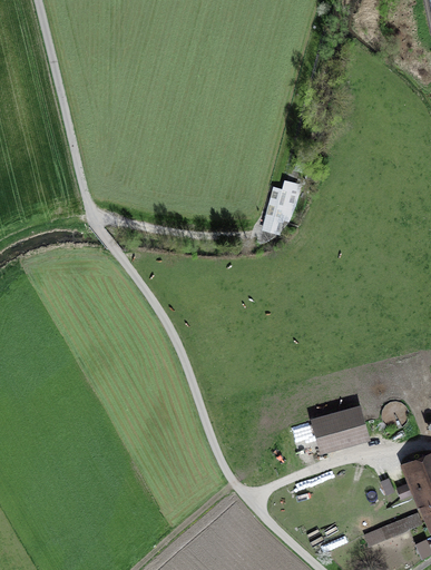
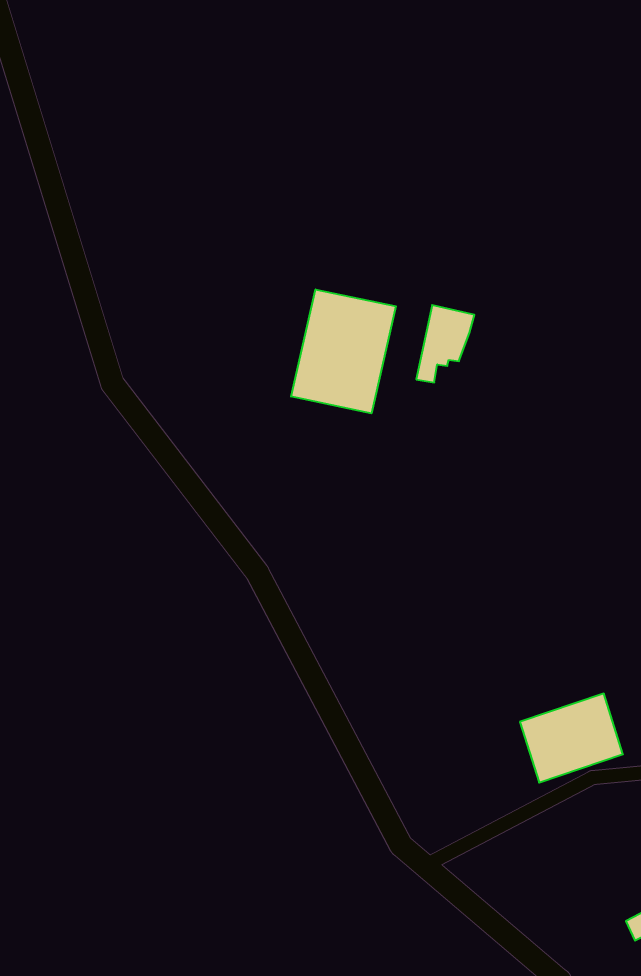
building: none -> [291,289,396,413]

